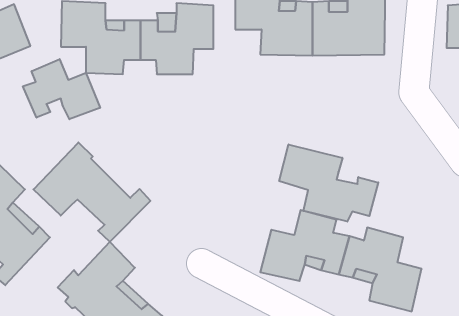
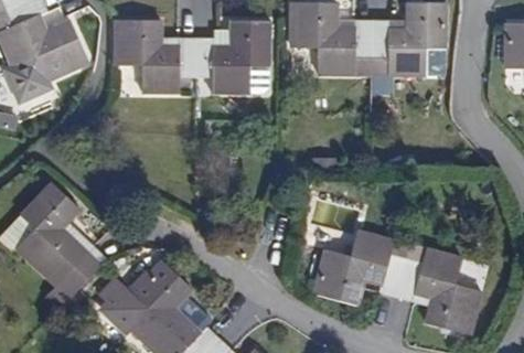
building: [23,59,100,119] -> none
building: [33,142,150,242] -> none
building: [279,144,378,222] -> none

